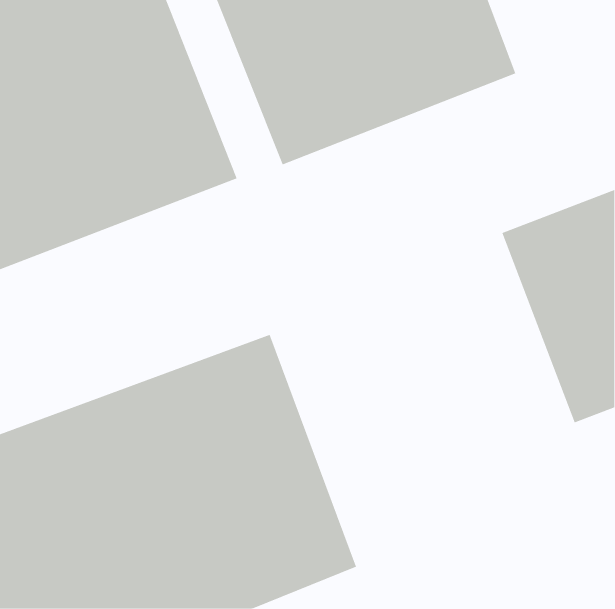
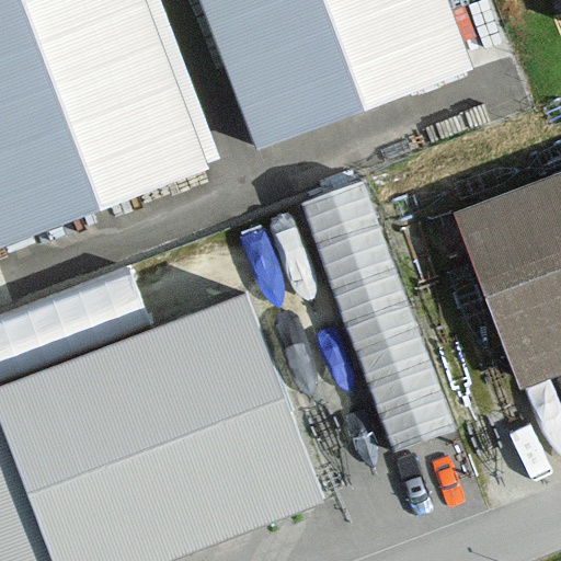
building: none -> [309,158,446,440]

